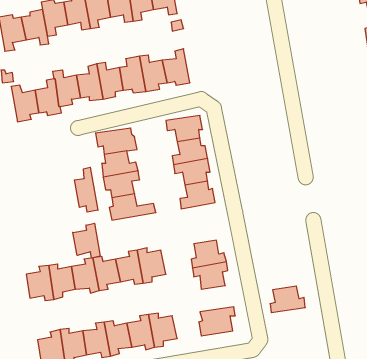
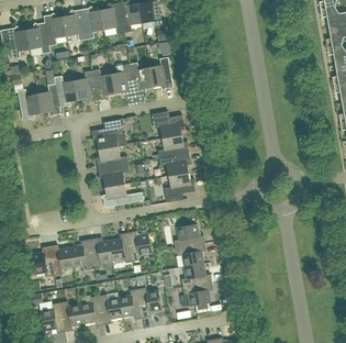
building: [74,167,98,212] -> none
building: [73,223,100,258] -> none
building: [270,286,305,313] -> [181,263,212,286]

